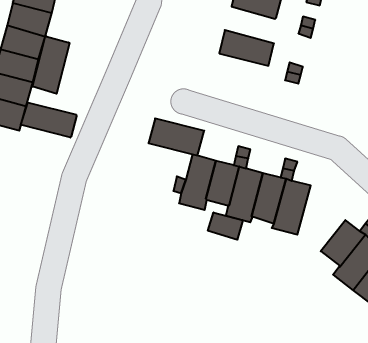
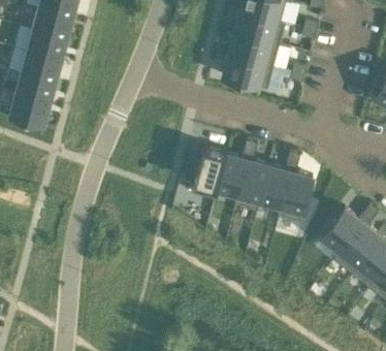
building: none -> [233,12,285,46]
building: [33,36,70,94] -> none
building: [21,102,77,138] -> none
building: [148,118,204,155] -> [222,56,274,90]
building: [208,212,243,240] -> none

